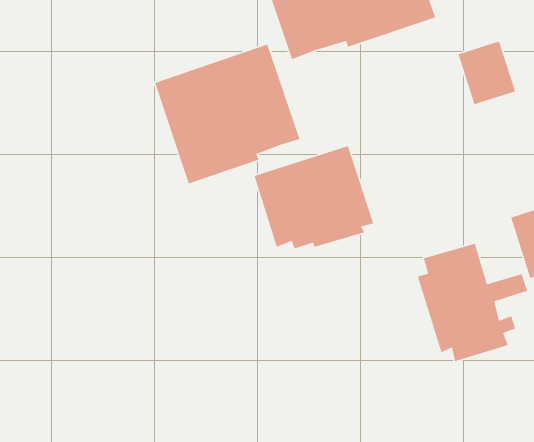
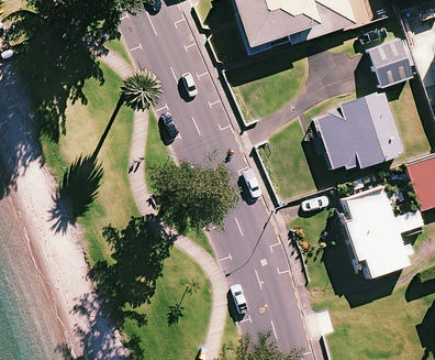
building: [154,44,300,185] -> none
building: [254,145,374,250] -> [319,95,406,171]

